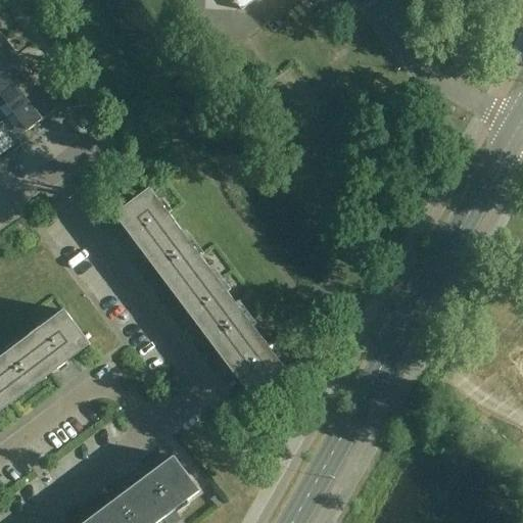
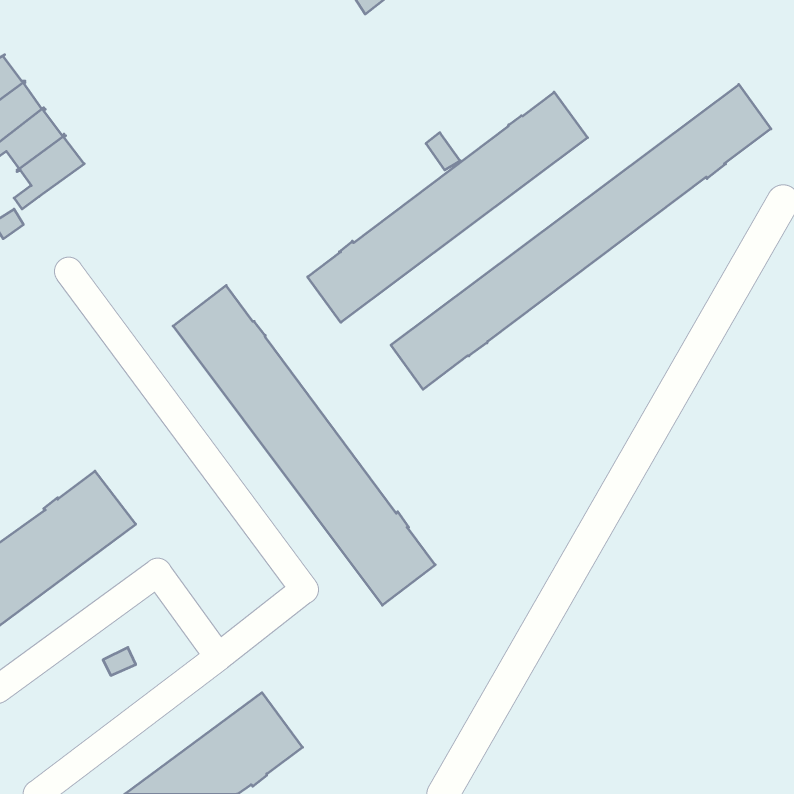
building: none -> [391,84,771,389]
building: none -> [308,92,588,322]

